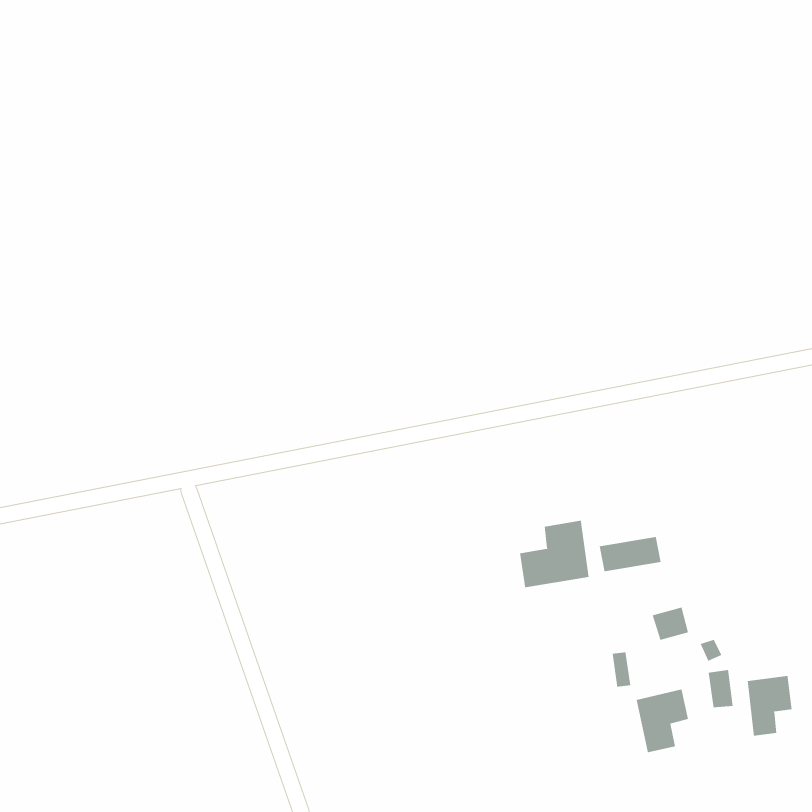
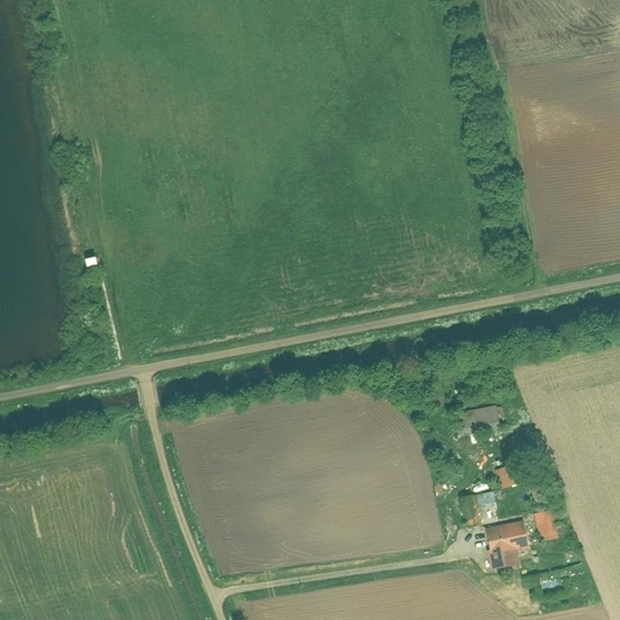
building: [519,520,589,588] -> none
building: [747,675,792,737] -> none

